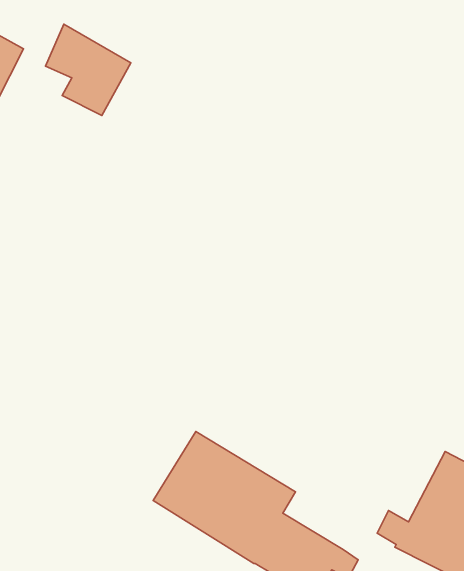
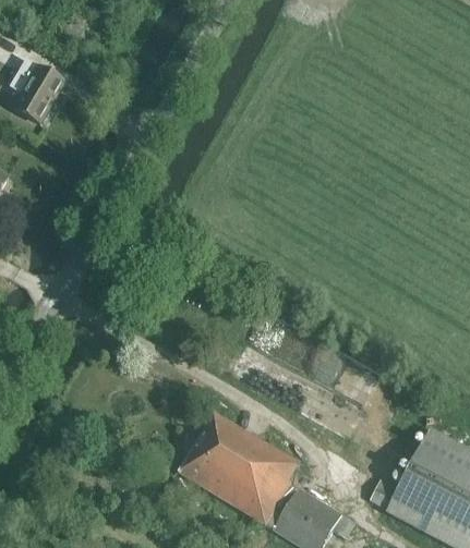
building: [45,24,131,116] -> none

